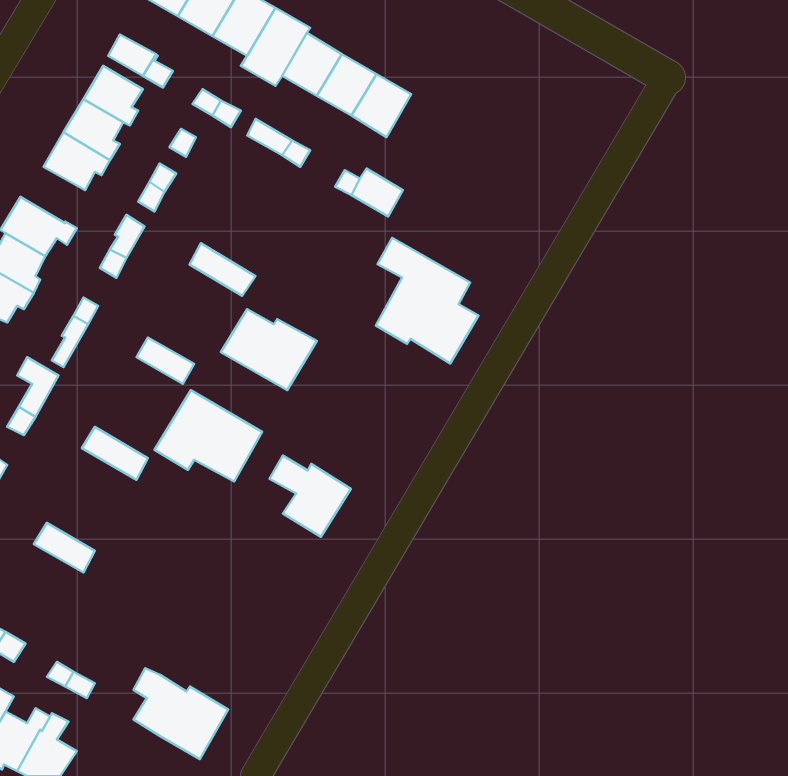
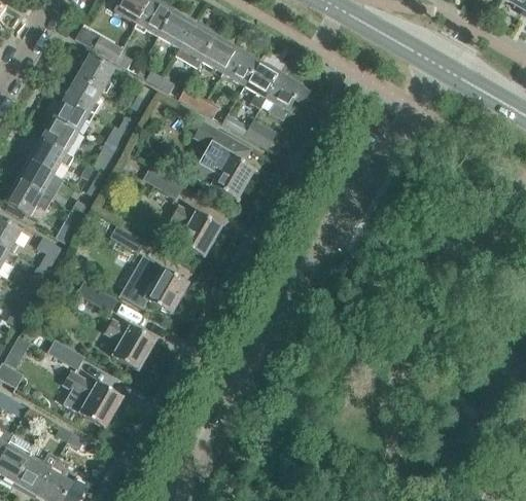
building: none -> [261,72,310,118]
building: none -> [41,117,78,152]
building: [376,238,478,364] -> [191,120,255,199]
building: [270,456,351,537] -> [105,319,155,369]
building: [134,668,228,759] -> [64,369,122,426]

